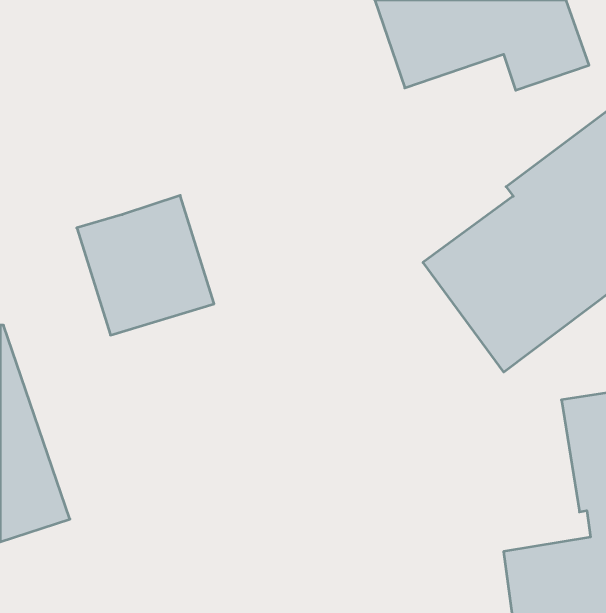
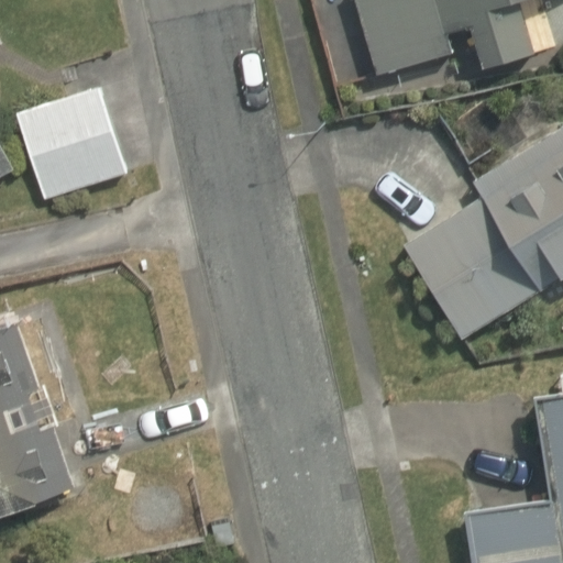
building: [77,195,214,335] -> [14,75,140,202]

